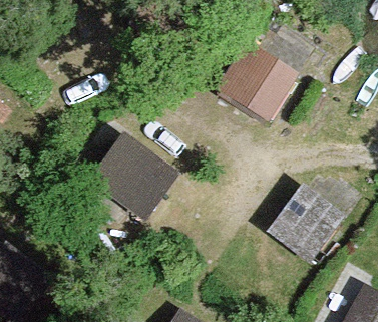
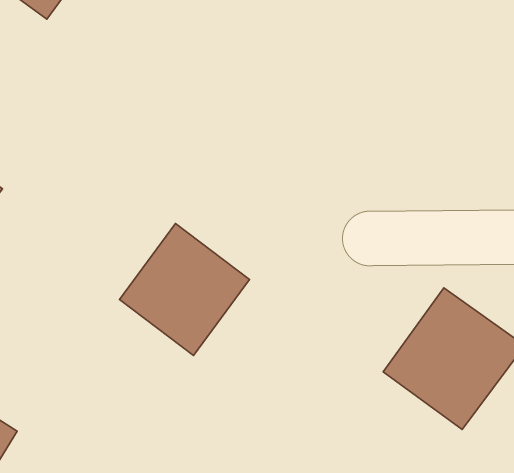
building: [215,40,292,119] -> none

